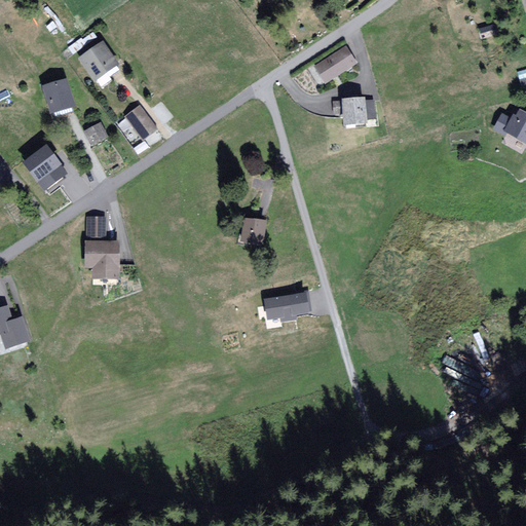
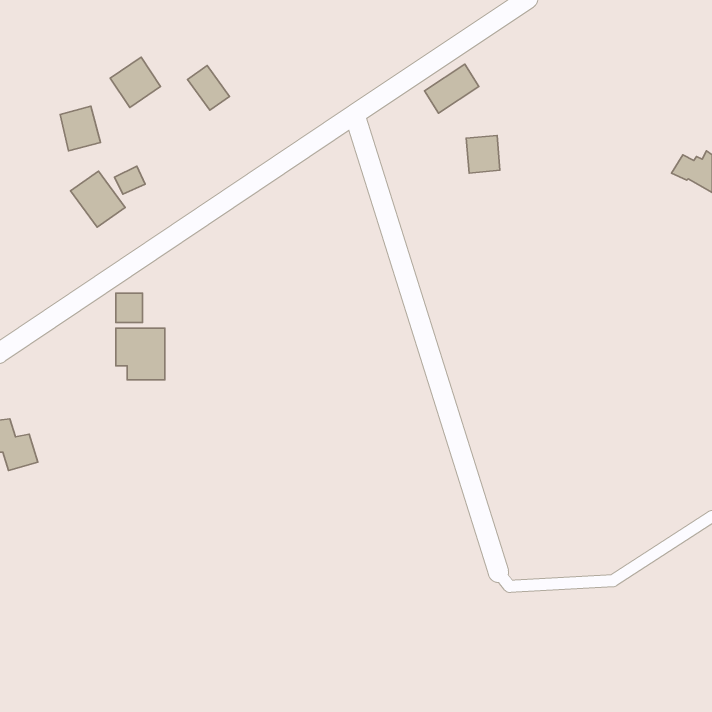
building: [124,106,155,139] -> [187,66,229,110]
building: [26,148,66,189] -> [71,171,125,227]
building: [242,220,265,245] -> none
building: [265,295,306,318] -> none

